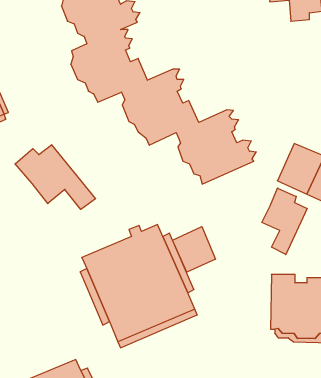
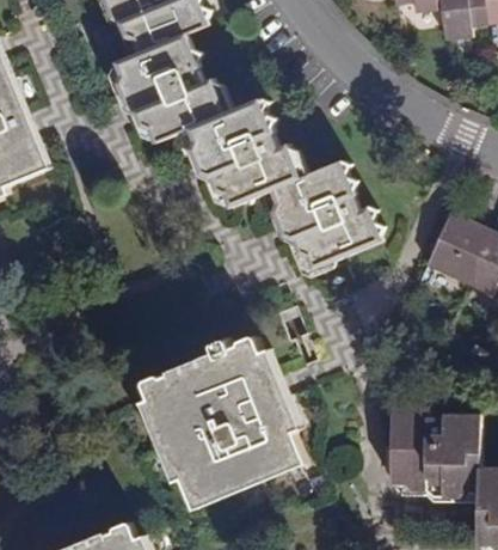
building: [15,145,96,209] -> none
building: [262,188,307,255] -> none
building: [172,227,215,272] -> none

